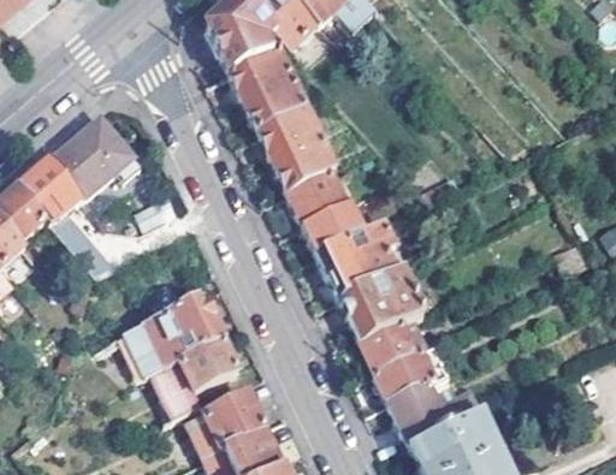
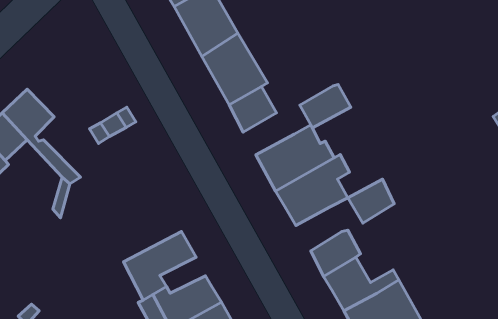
building: [51,114,142,196] -> none
building: [303,203,363,253] -> [300,85,351,128]
building: [124,292,223,372] -> none
building: [359,320,413,370] -> [348,179,394,223]

